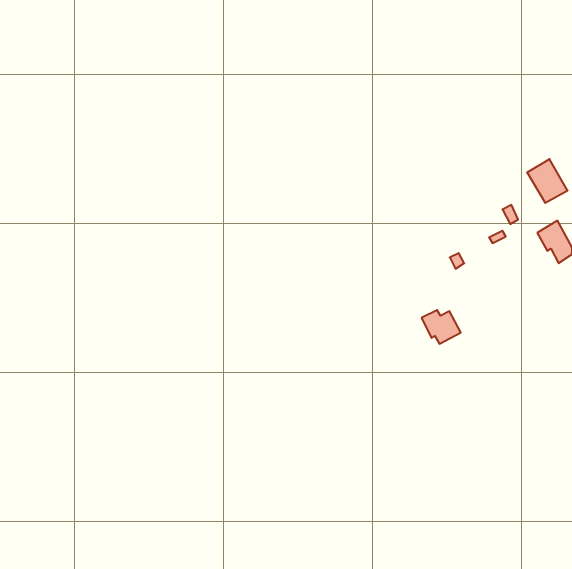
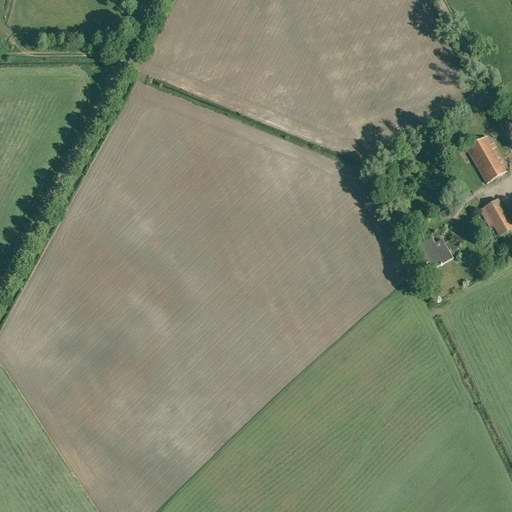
building: [422,310,461,344] -> [416,236,451,266]

